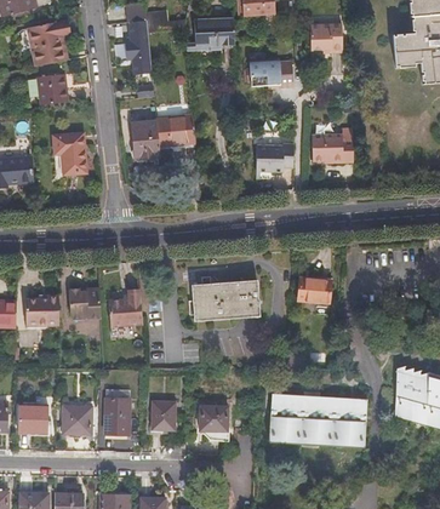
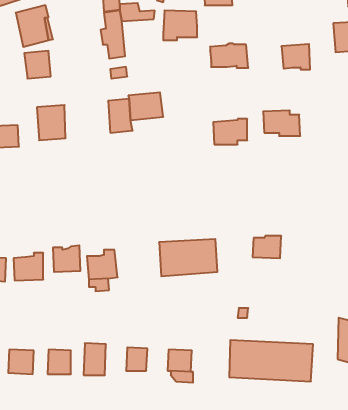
building: [310,22,343,51] -> [281,44,310,70]

